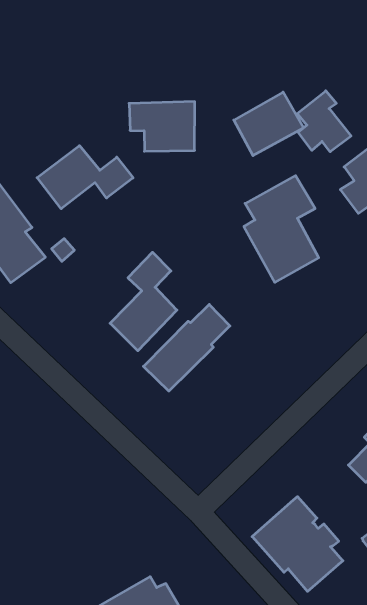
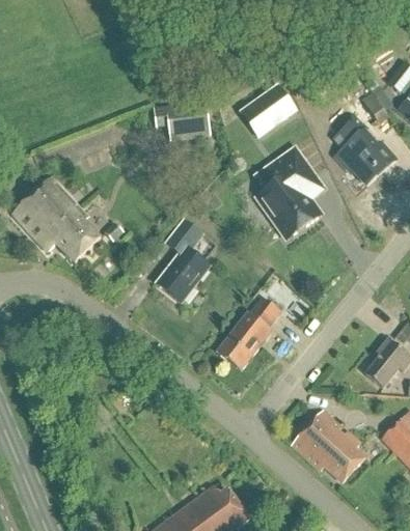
building: [297,91,351,152] -> none
building: [37,146,133,209] -> none
building: [143,304,230,391] -> [216,296,282,369]

